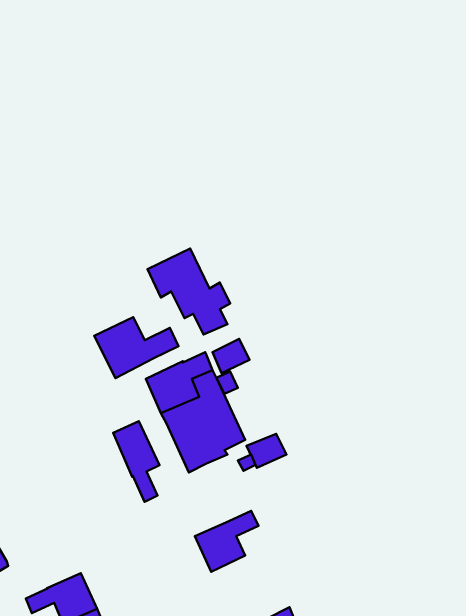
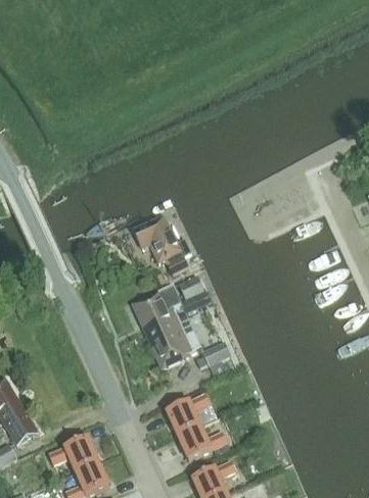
building: [94,317,178,378] -> none
building: [113,421,159,502] -> none
building: none -> [177,426,227,461]

